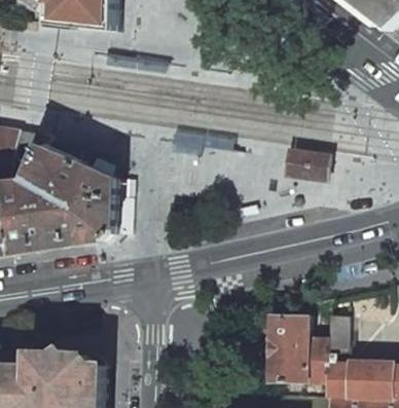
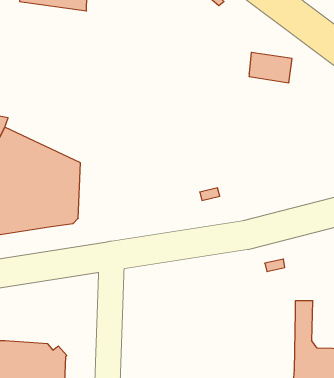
building: [280,149,322,179] -> [249,52,292,83]
building: [263,313,323,382] -> none

